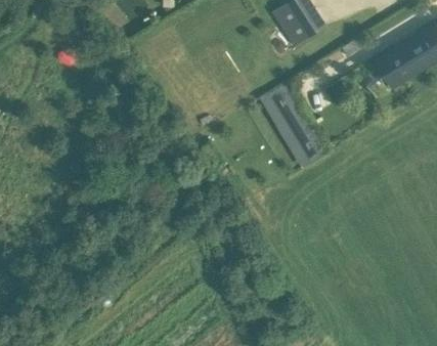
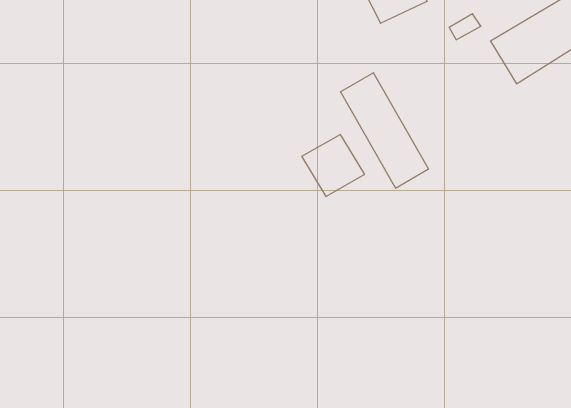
building: none -> [302,134,364,197]

